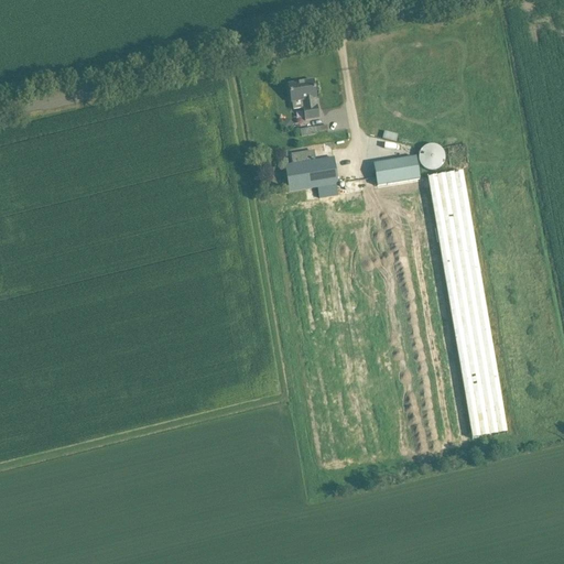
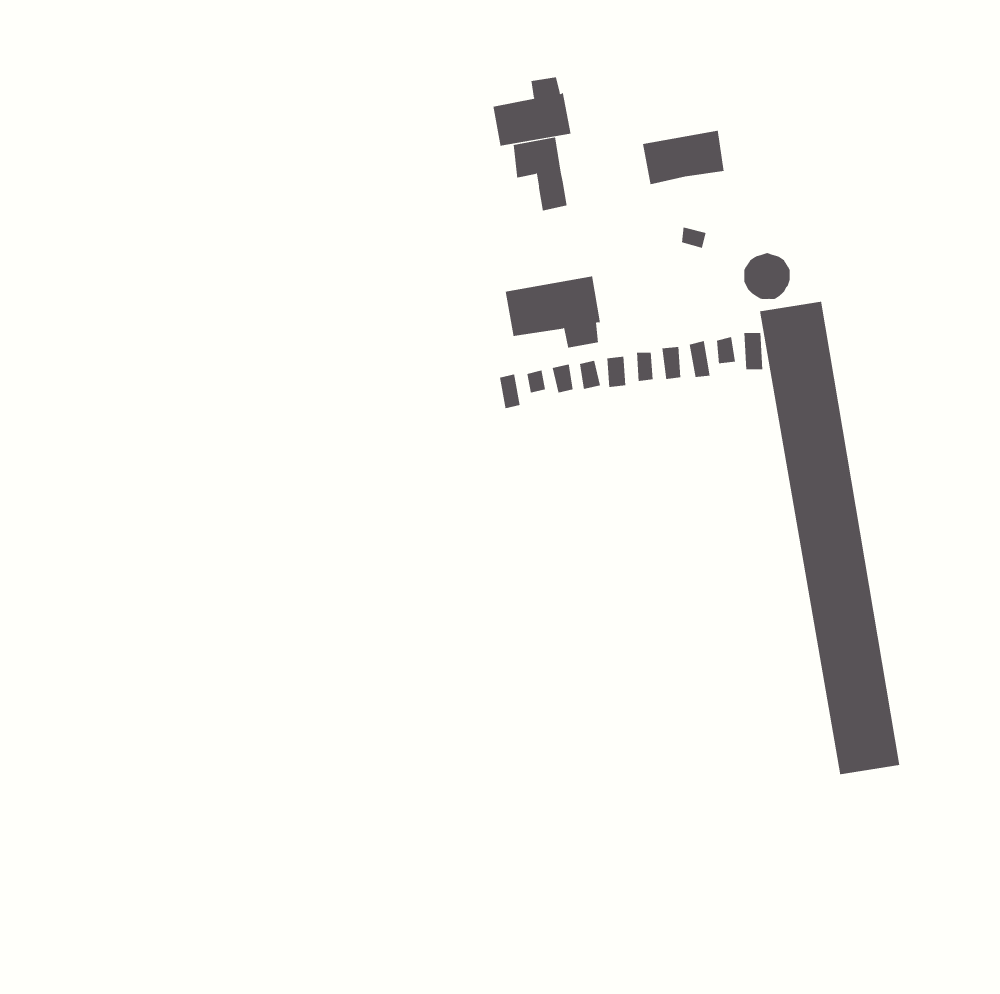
building: none -> [493,76,571,147]
building: [373,154,420,185] -> [642,130,724,185]

